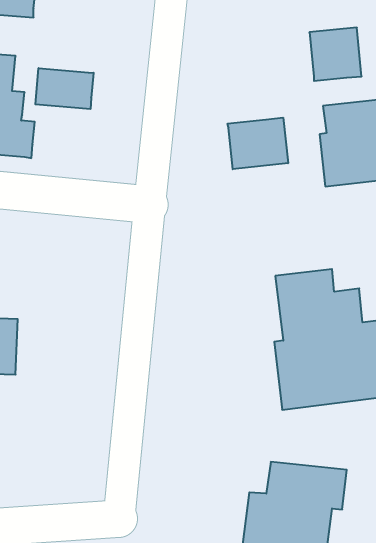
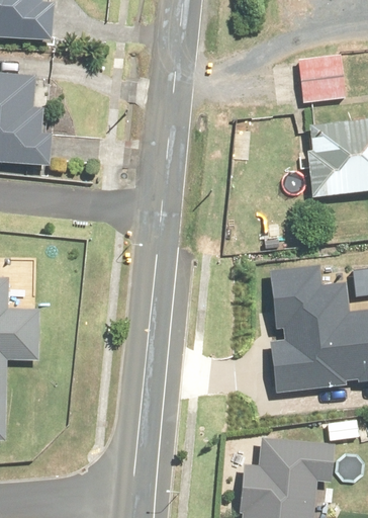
building: [35,68,94,109] -> none
building: [228,118,288,169] -> none

